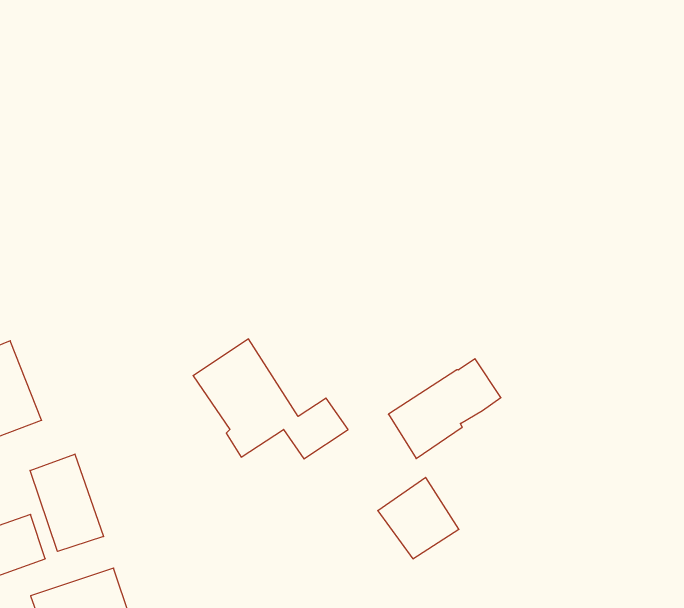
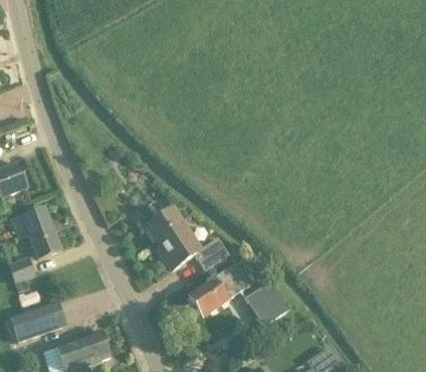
building: [388,359,501,459] -> [189,262,250,317]
building: [30,454,104,551] -> none

